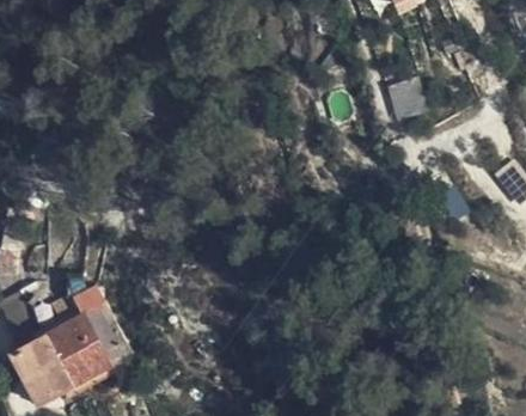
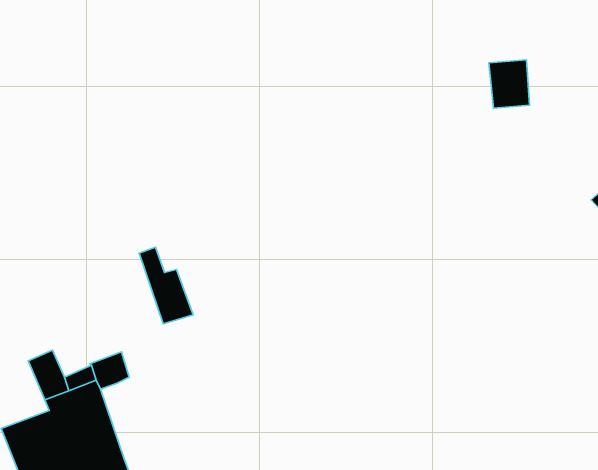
building: [84,324,127,385] -> [139,247,193,324]

